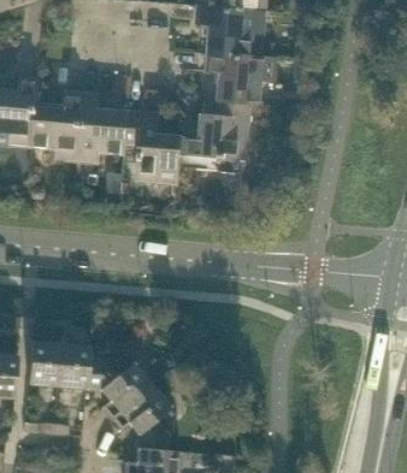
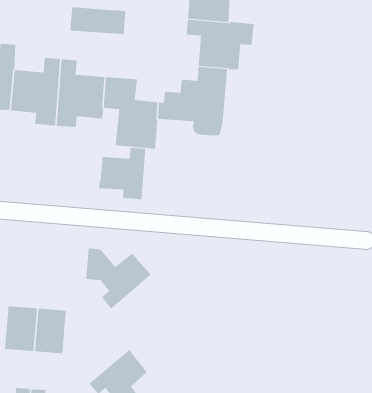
building: none -> [70,7,126,35]
building: none -> [99,147,146,200]
building: [83,356,149,418] -> [85,248,152,309]

